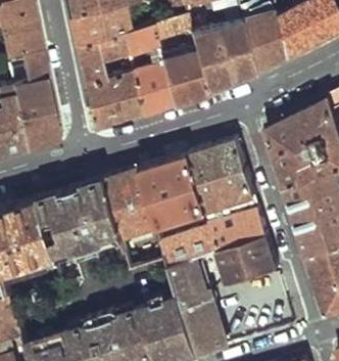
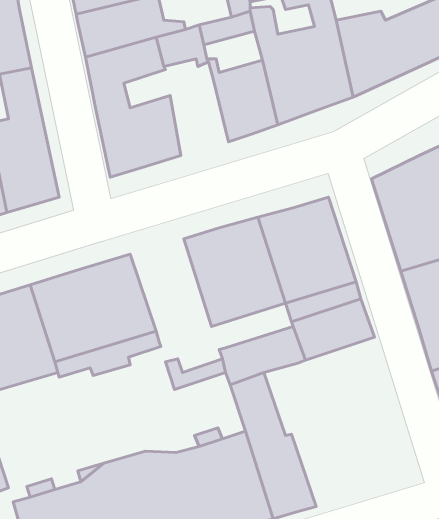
building: [132,62,172,114] -> none
building: [106,169,160,237] -> none
building: [217,234,280,285] -> none

